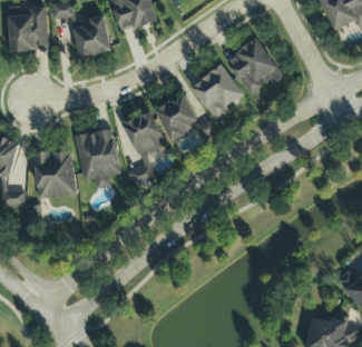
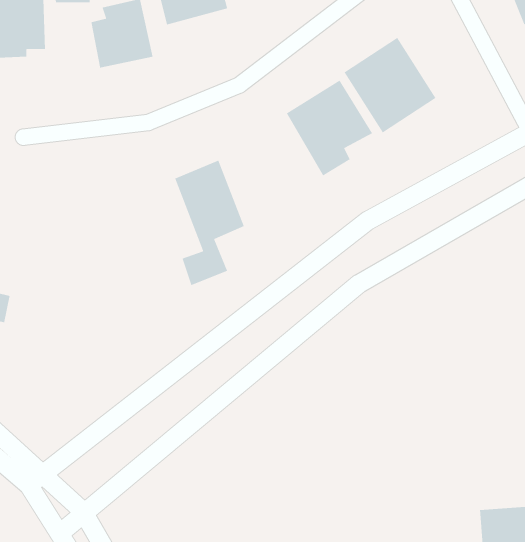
building: [154,93,197,141] -> none
building: [75,128,120,189] -> none
building: [32,150,76,199] -> none

